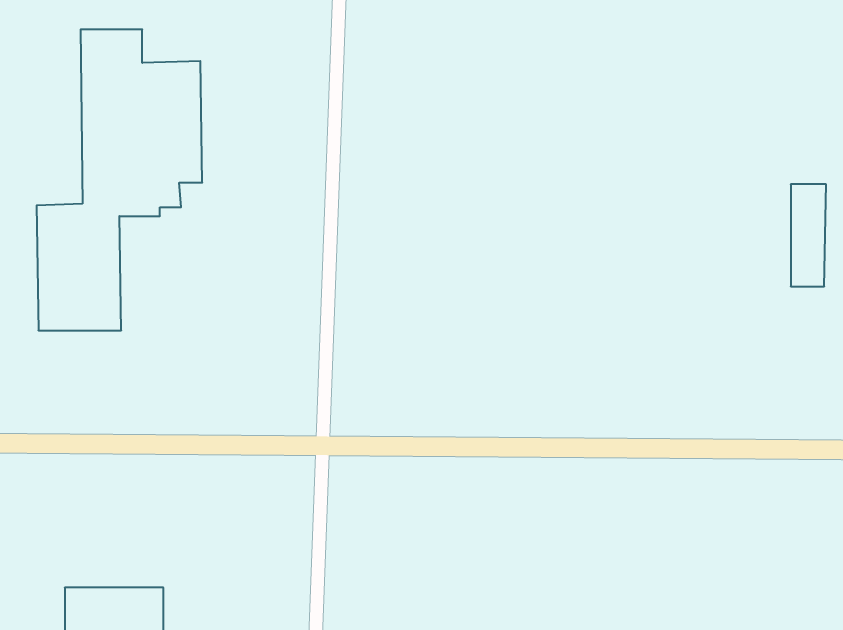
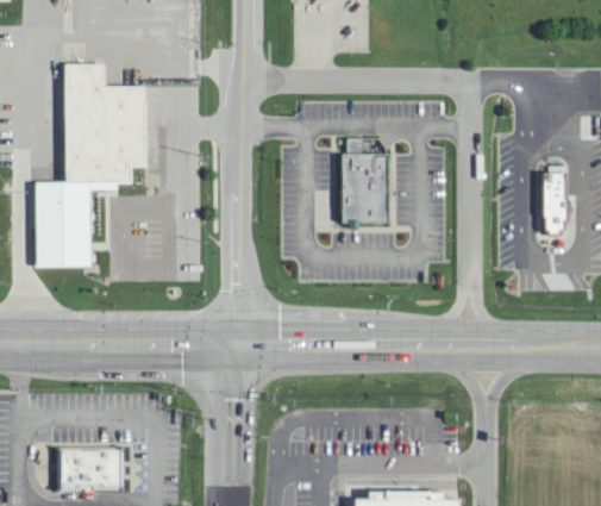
building: none -> [343,143,390,230]

